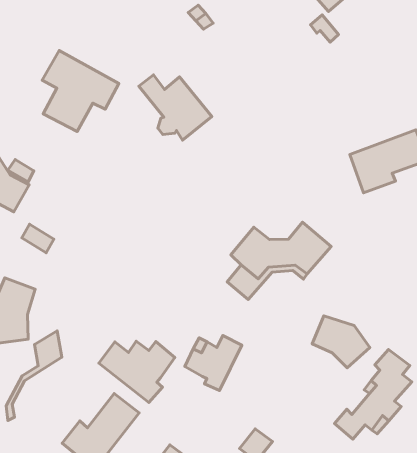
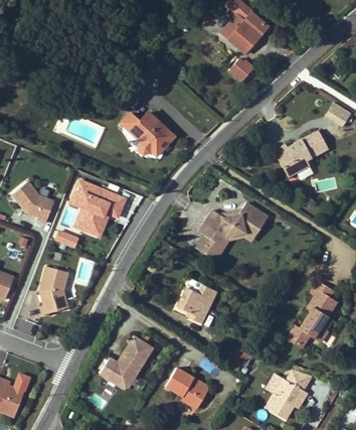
building: [42,50,119,132] -> [68,179,122,234]
building: [312,316,370,368] -> none
building: [6,331,62,421] -> none
building: [99,341,175,403] -> none

